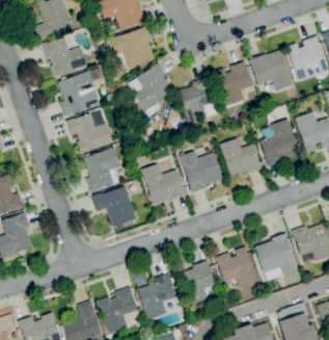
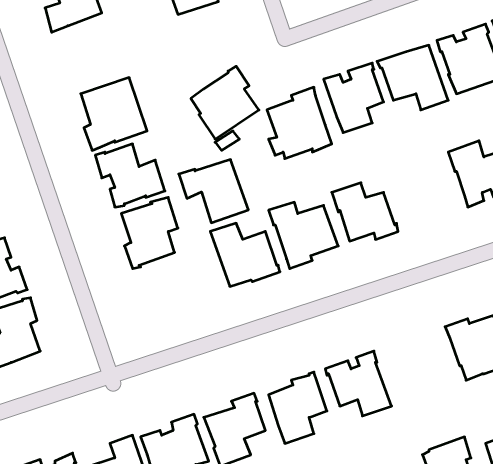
building: [109,26,155,71] -> none
building: [40,37,87,79] -> none
building: [259,120,302,166] -> none
building: [92,187,137,228] -> [179,160,248,223]
building: [254,233,298,281] -> none

